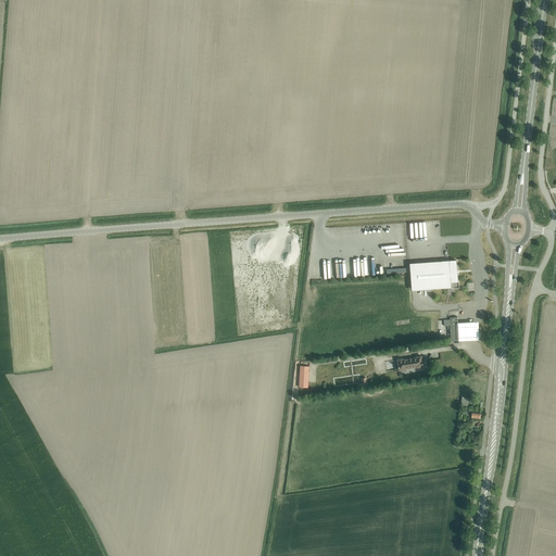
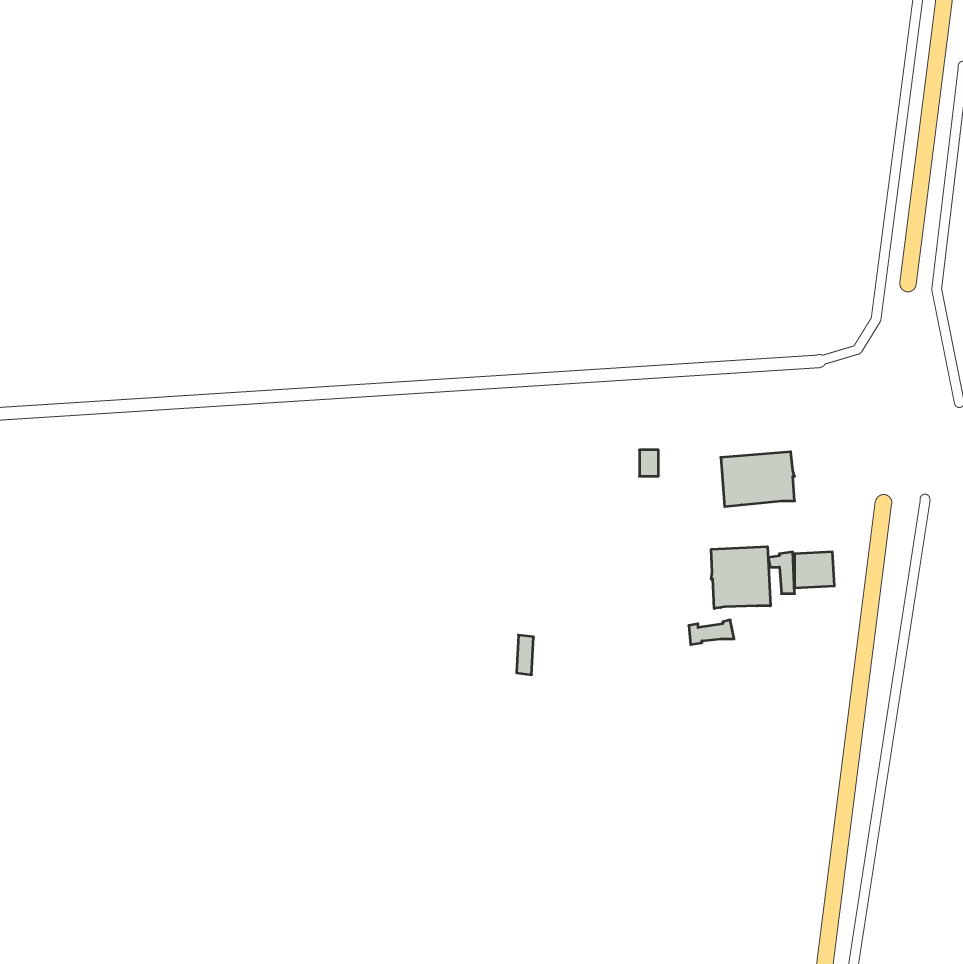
building: none -> [711,547,770,609]

